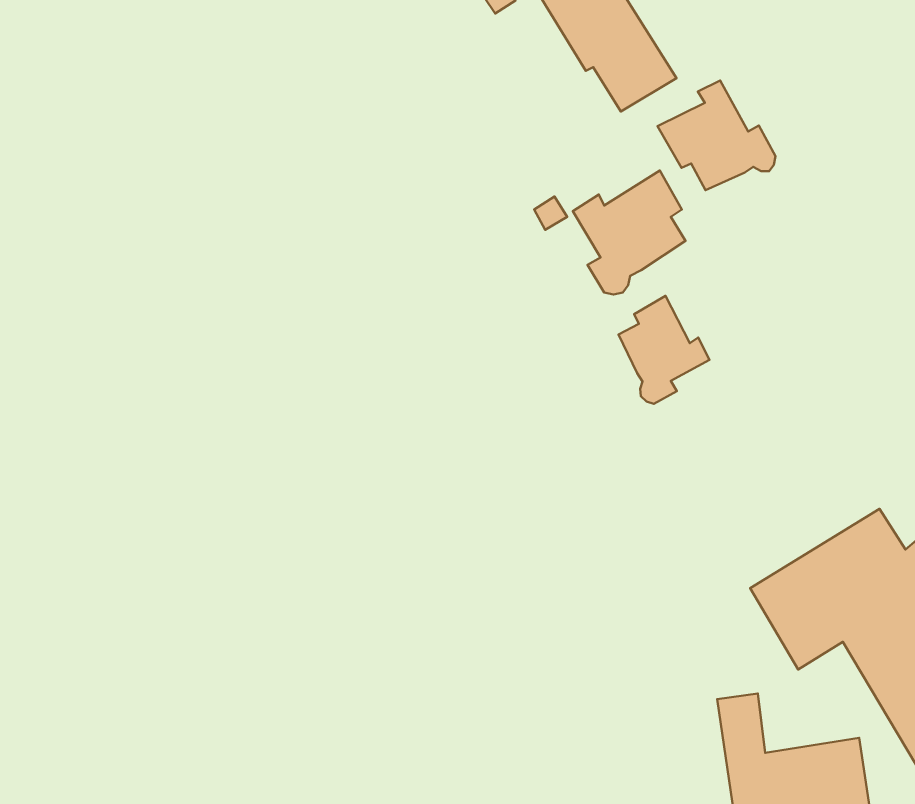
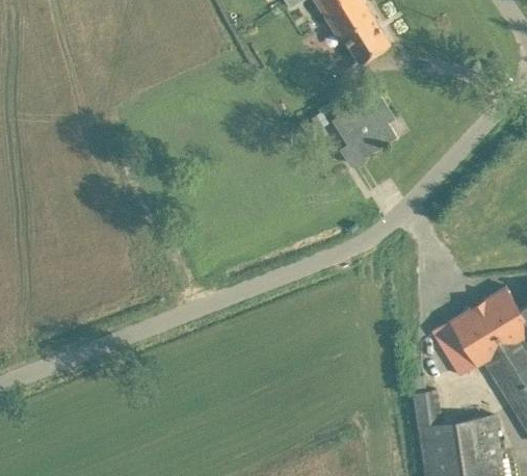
building: [658,81,775,190] -> none
building: [618,296,709,404] -> none

